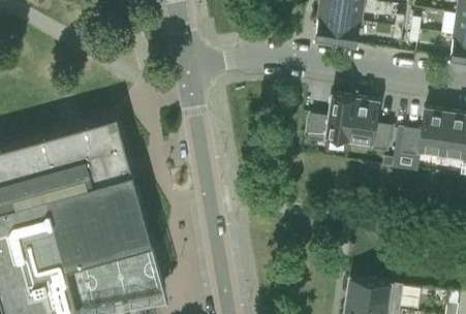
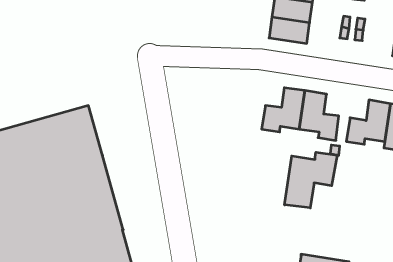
building: none -> [285,152,337,208]

